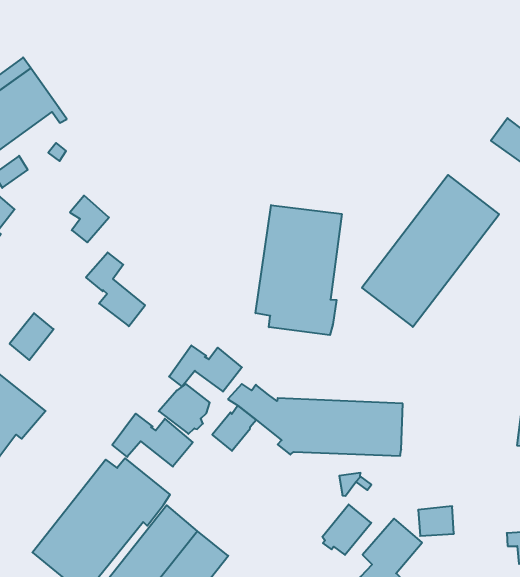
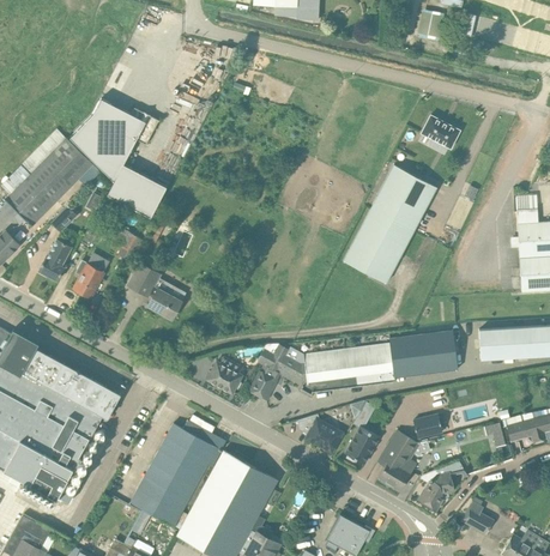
building: none -> [69,99,167,218]
building: [256,205,342,335] -> none
building: [10,313,54,360] -> [73,262,104,298]
building: [169,345,242,392] -> none
building: none -> [388,331,457,377]
building: [112,414,193,467] -> none
building: none -> [297,413,342,452]

